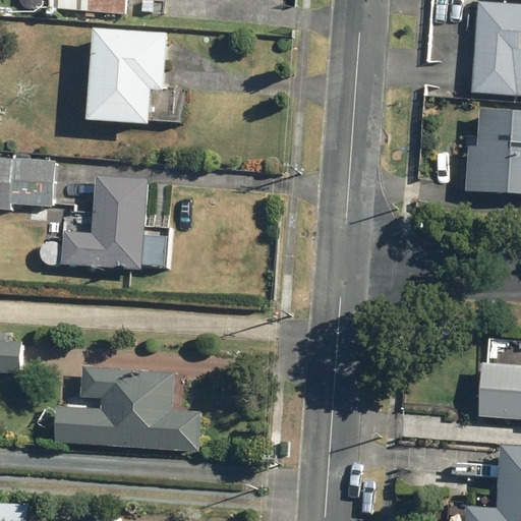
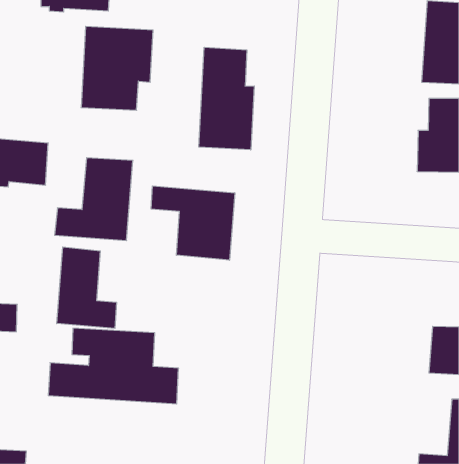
building: none -> [199,47,254,150]
building: none -> [151,186,235,260]
building: none -> [57,247,117,328]

